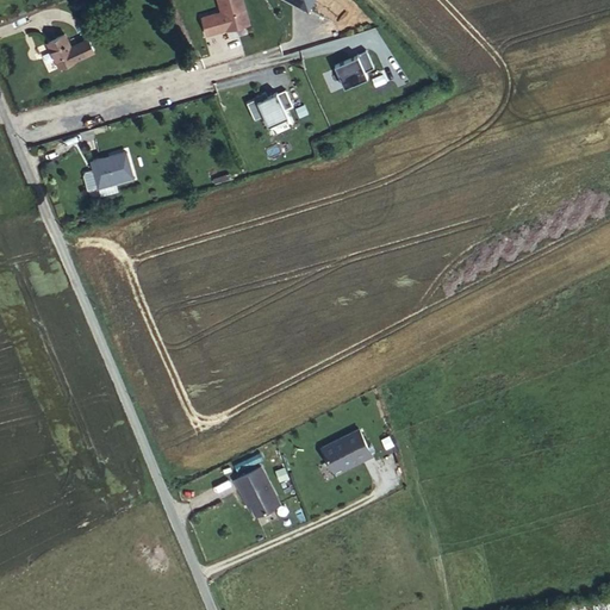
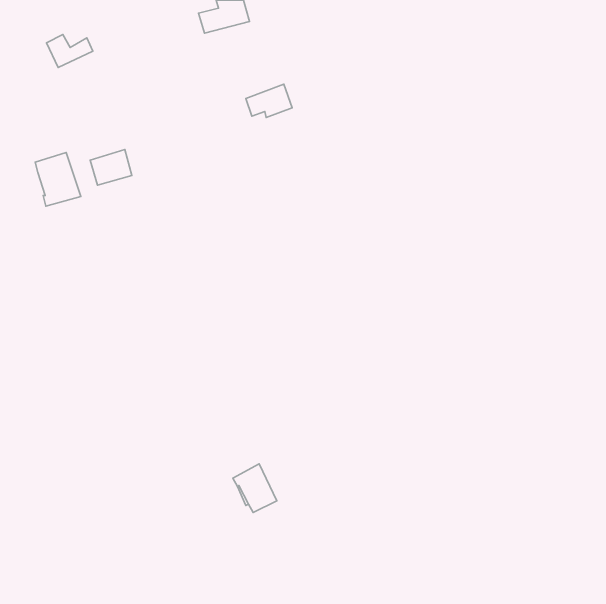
building: [334,49,375,83] -> none
building: none -> [35,153,81,206]
building: [320,427,374,474] -> none

